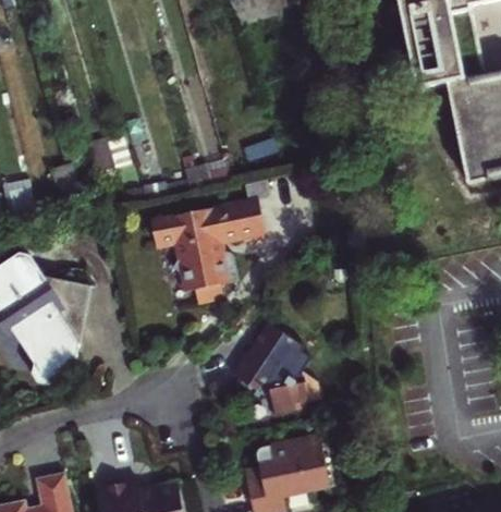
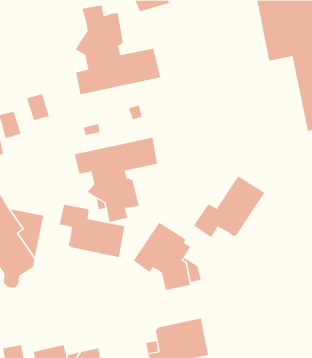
building: none -> [75,4,161,95]
building: none -> [193,176,265,238]
building: none -> [59,204,125,258]

